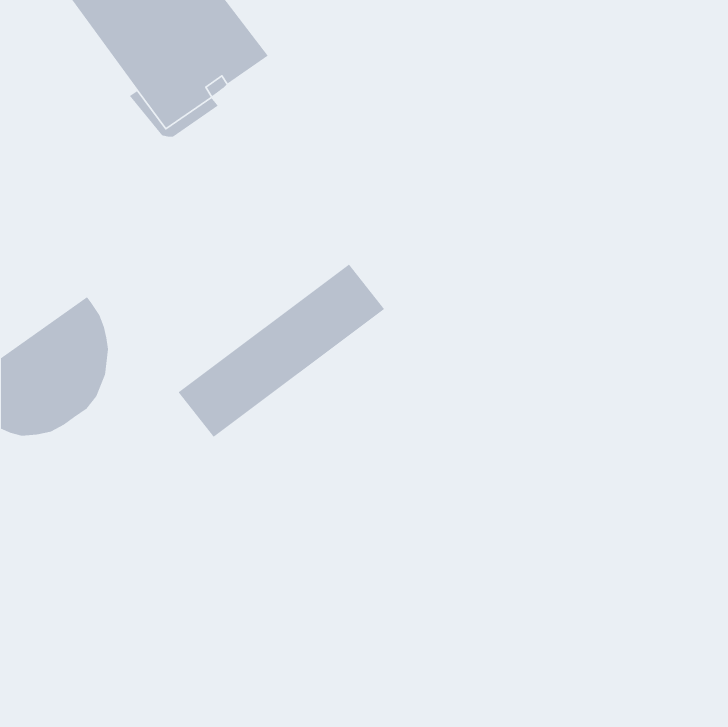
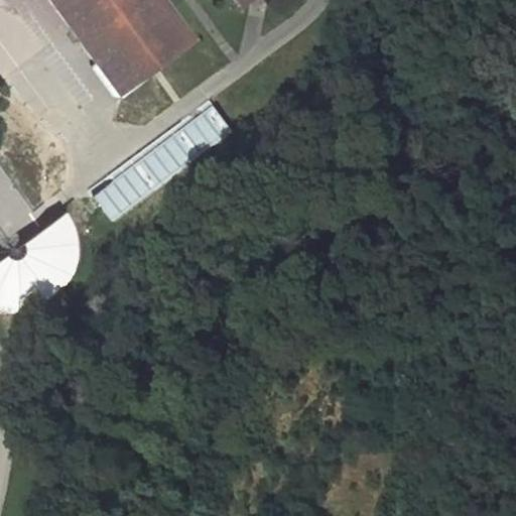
building: [178,263,385,438] -> [90,99,236,222]

